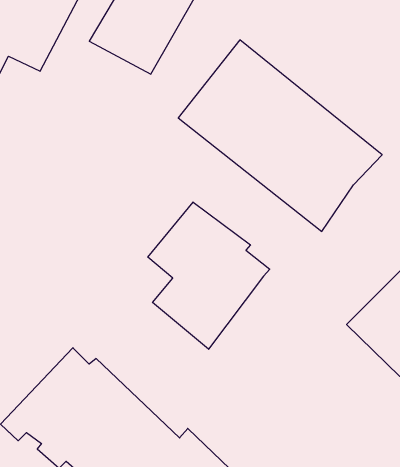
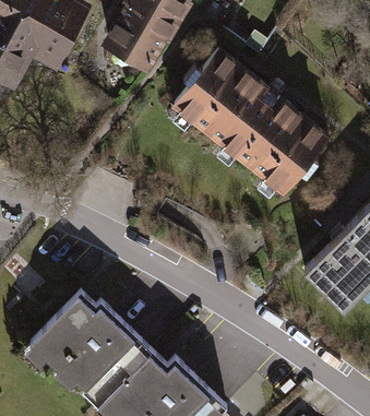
building: [148,202,270,349] -> none

